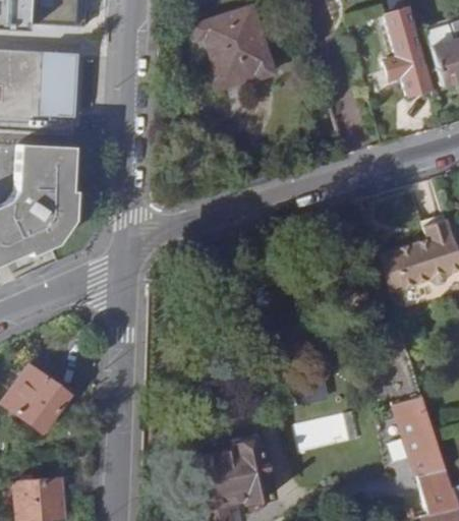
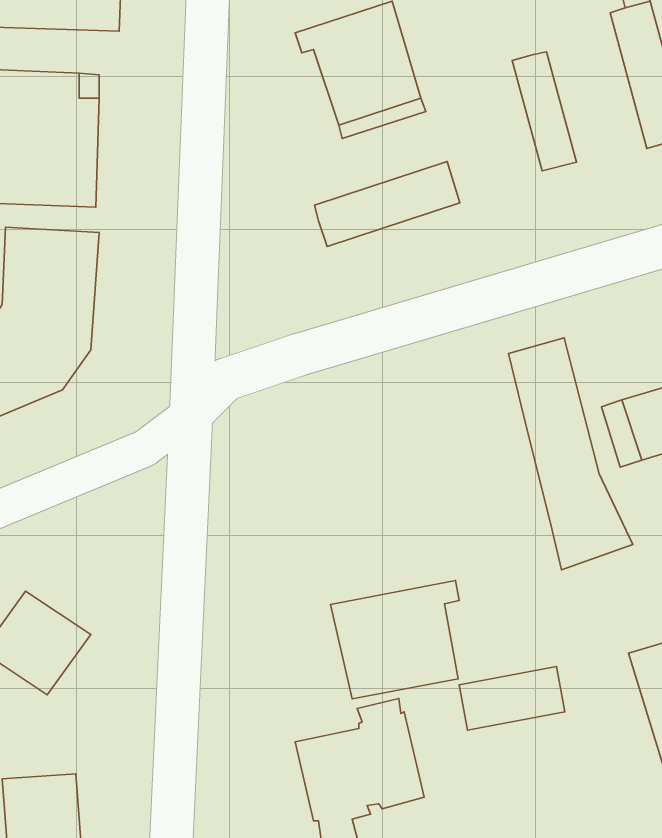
building: none -> [512,52,576,171]
building: none -> [314,161,460,247]
building: none -> [508,338,633,570]
building: none -> [330,581,459,699]

